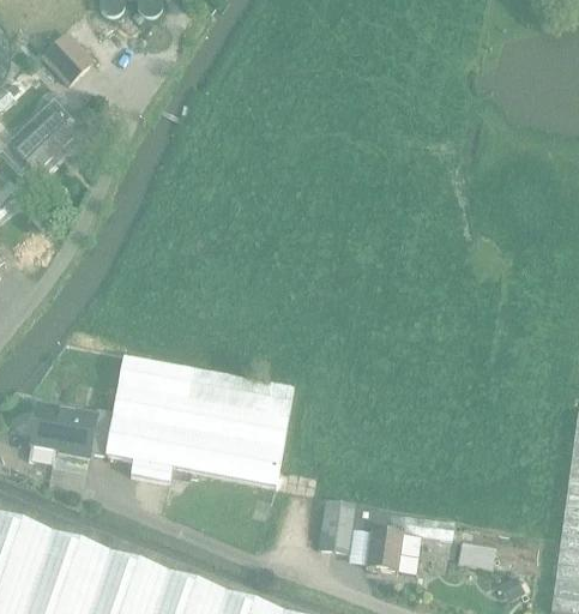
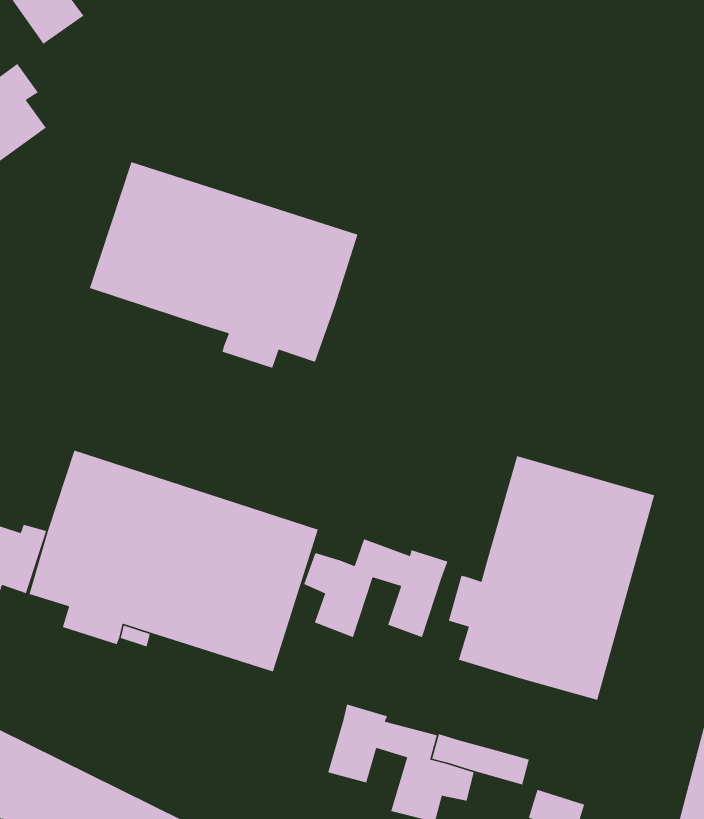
building: none -> [89,161,359,369]
building: none -> [448,455,655,701]
building: none -> [303,538,448,638]

